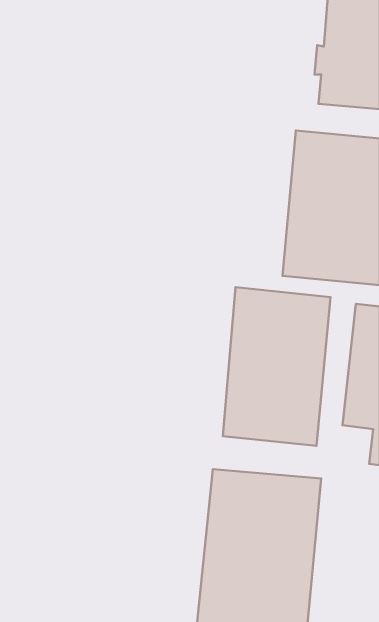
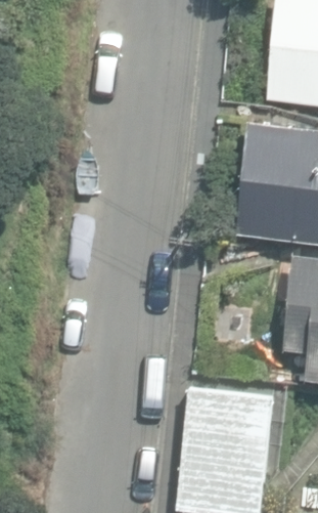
building: [223,287,331,446] -> none

